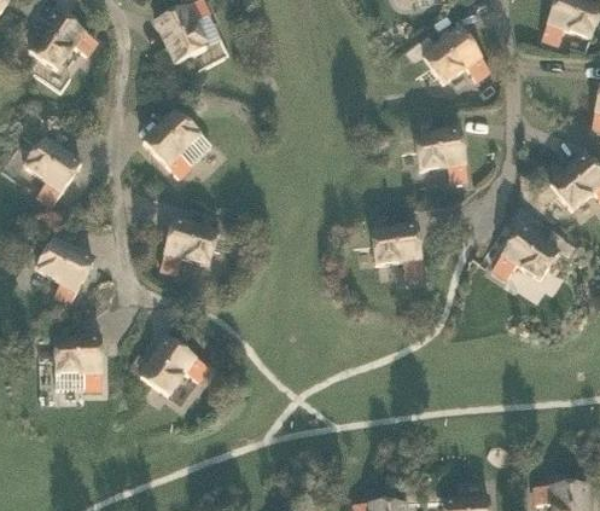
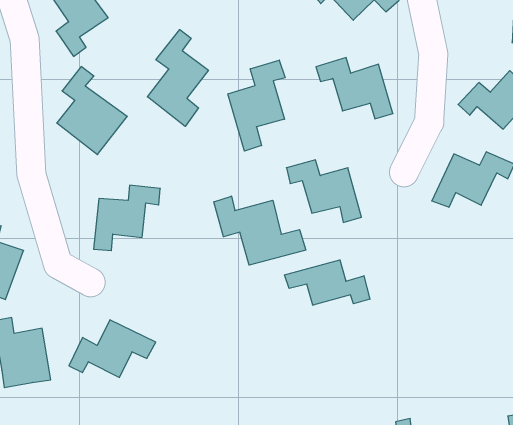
building: none -> [147,30,208,126]
building: none -> [228,60,285,151]
building: none -> [214,196,306,265]
building: none -> [285,260,370,305]

